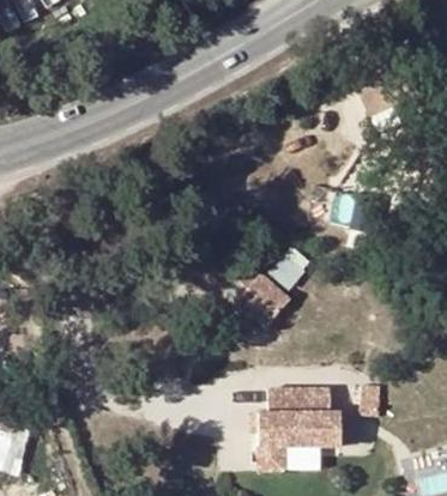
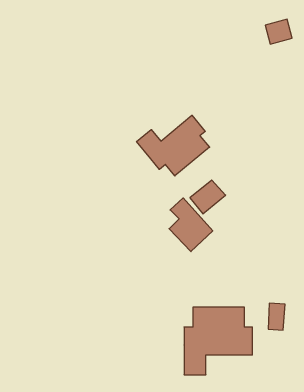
building: none -> [137,115,210,176]

